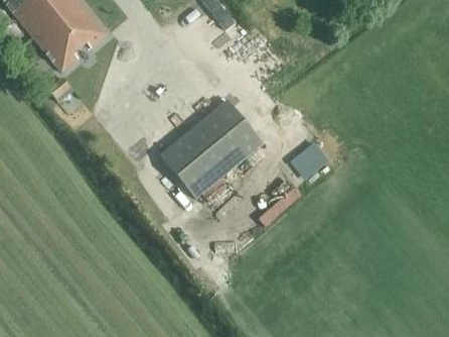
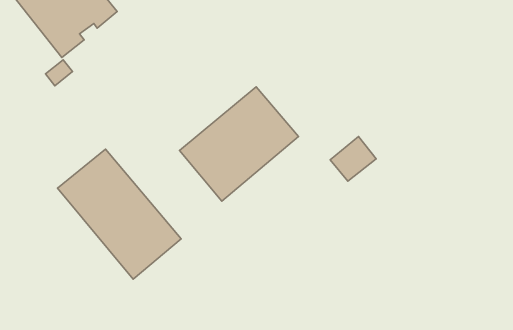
building: none -> [58,149,181,279]

